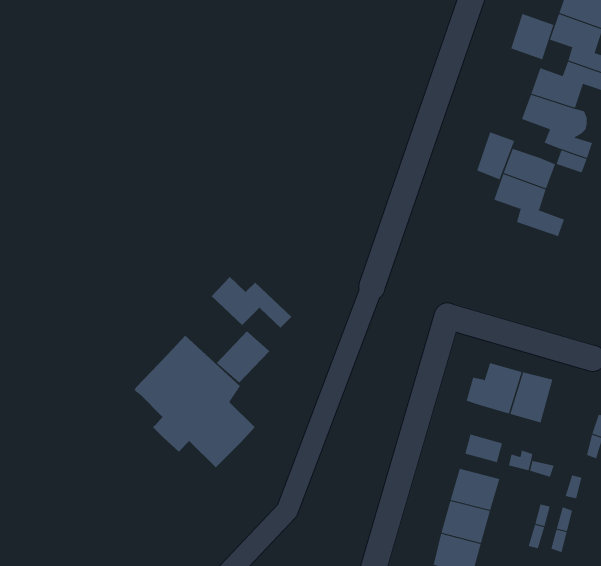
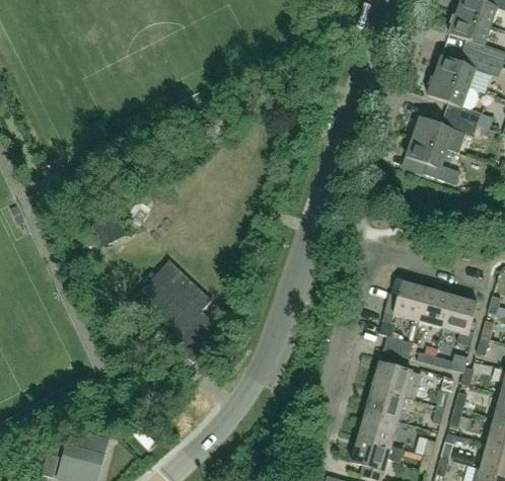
building: [510,13,554,60] -> none
building: [476,131,515,180] -> none
building: [211,276,292,329] -> none
building: [216,331,270,384] -> none
building: none -> [442,294,477,345]

